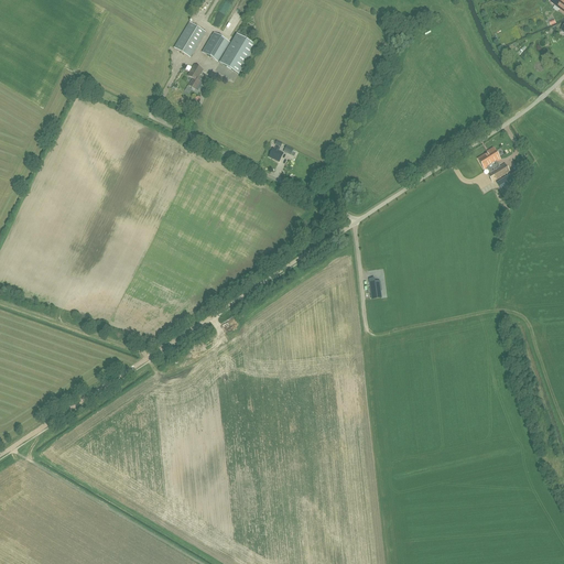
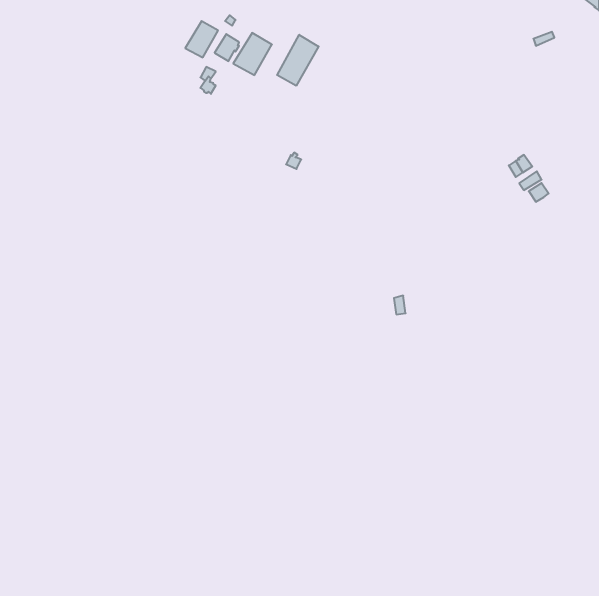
building: none -> [277,35,319,86]

